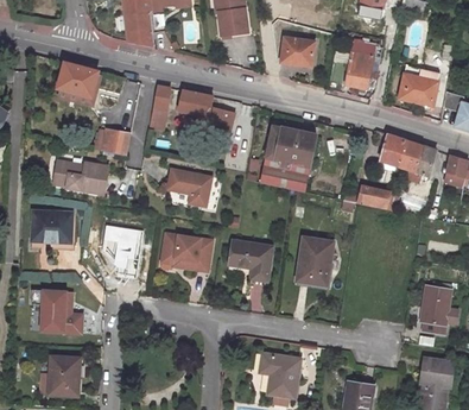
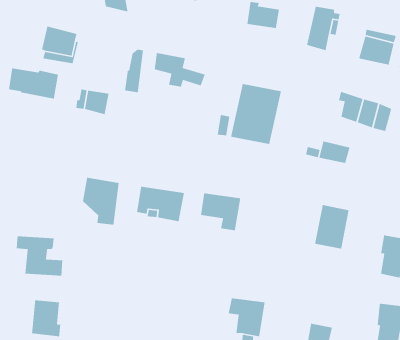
building: [53,162,108,196] -> [8,68,59,100]
building: [166,170,210,207] -> none
building: [32,209,72,247] -> none
building: [299,238,337,286] -> [314,204,350,250]

